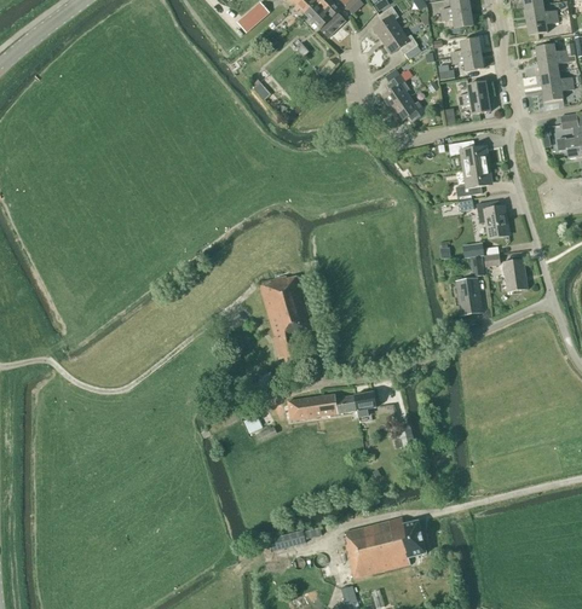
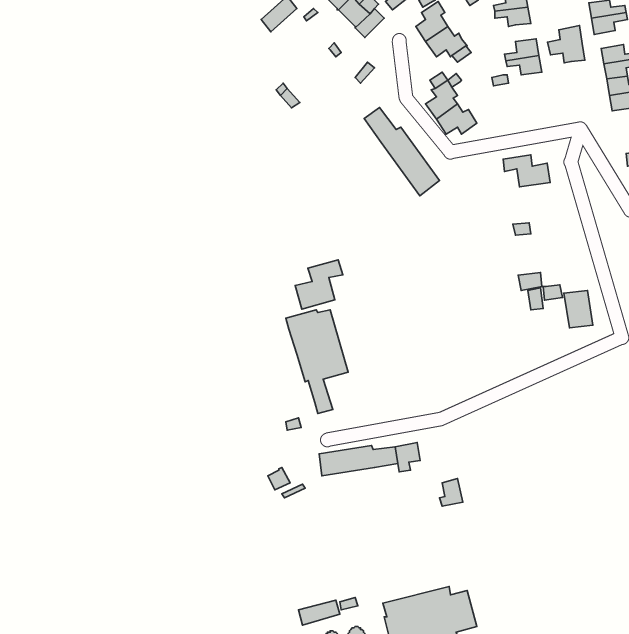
building: [457,81,490,114] -> [548,26,585,63]
building: none -> [364,108,439,196]
building: [455,164,492,197] -> none
building: [476,201,509,236] -> none
building: none -> [295,260,343,309]
building: [457,278,480,311] -> none

